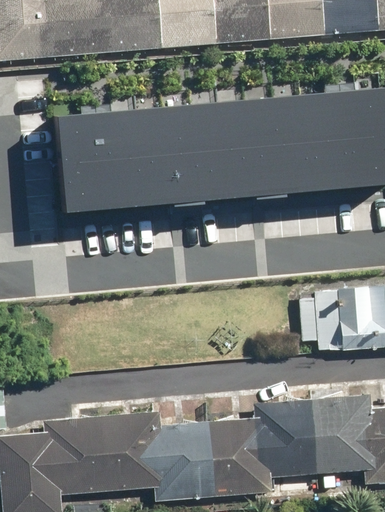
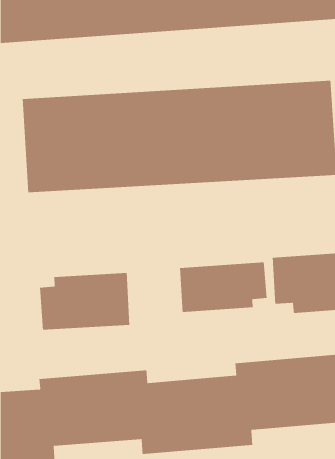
building: none -> [179,262,268,313]
building: none -> [39,272,130,331]

